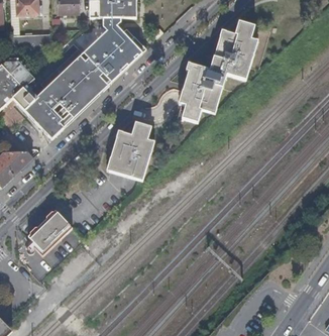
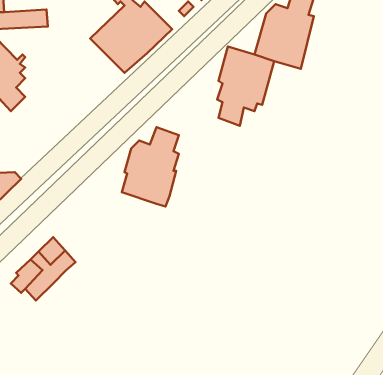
building: [24,47,111,139] -> none

